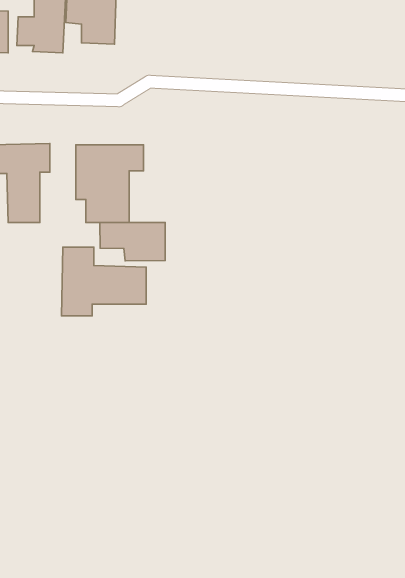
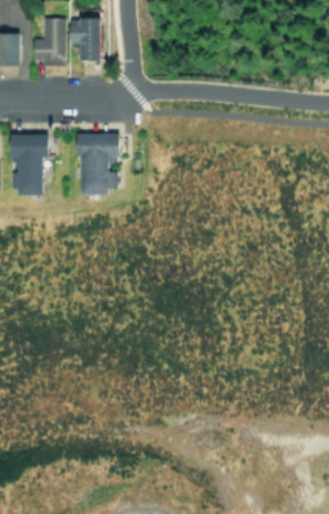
building: [100,222,165,261] -> none
building: [61,247,146,316] -> none

